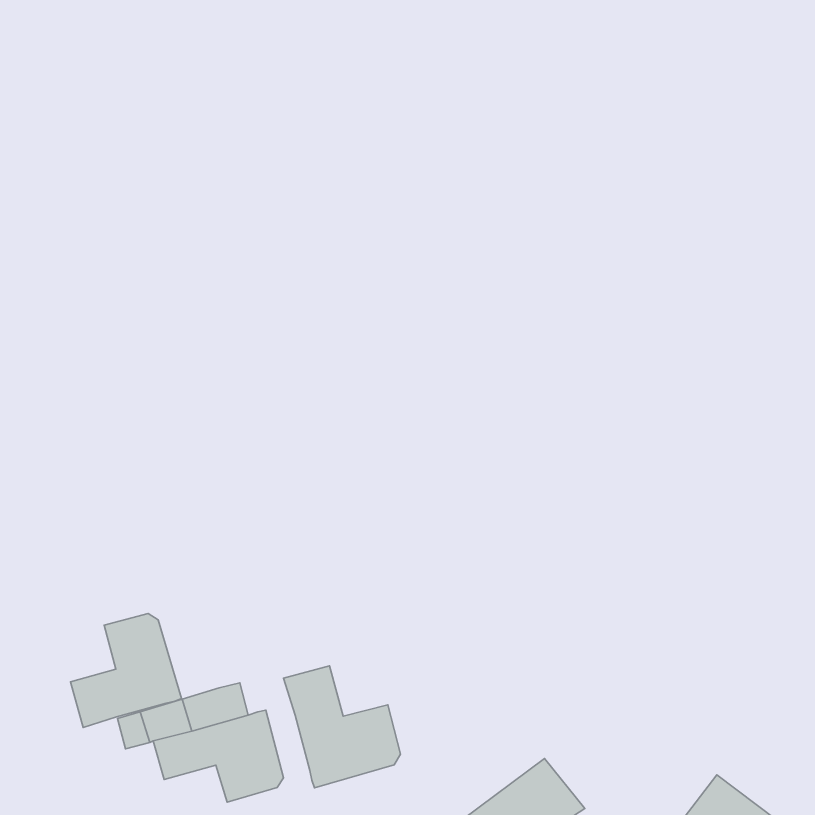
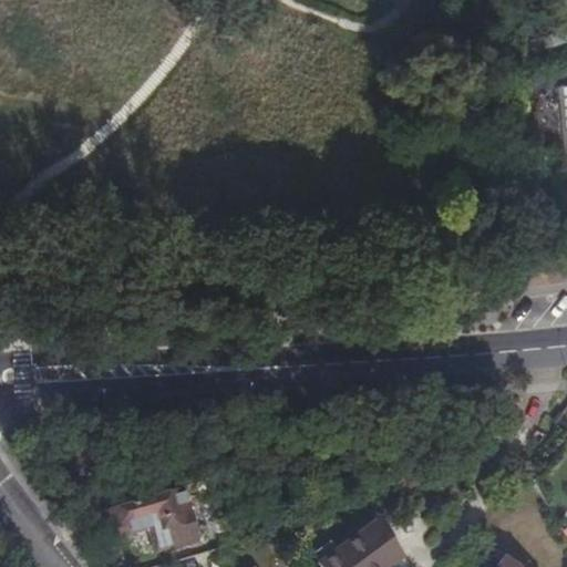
building: [71,614,181,727] -> none
building: [283,666,401,788] -> none

